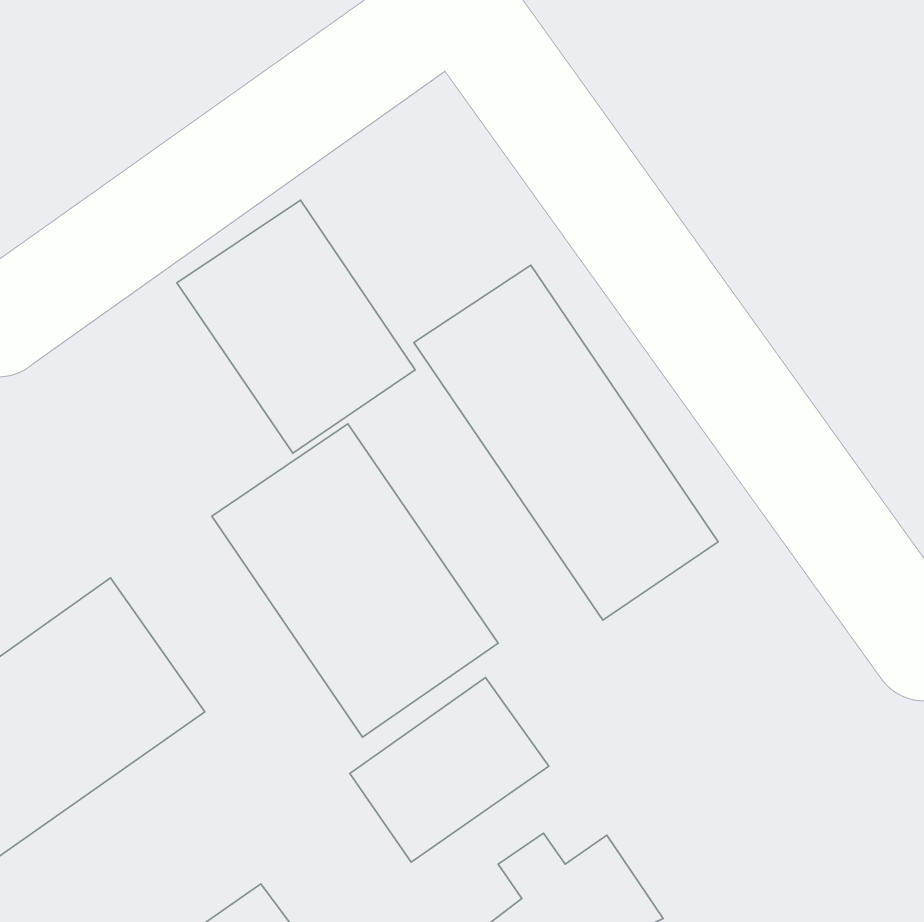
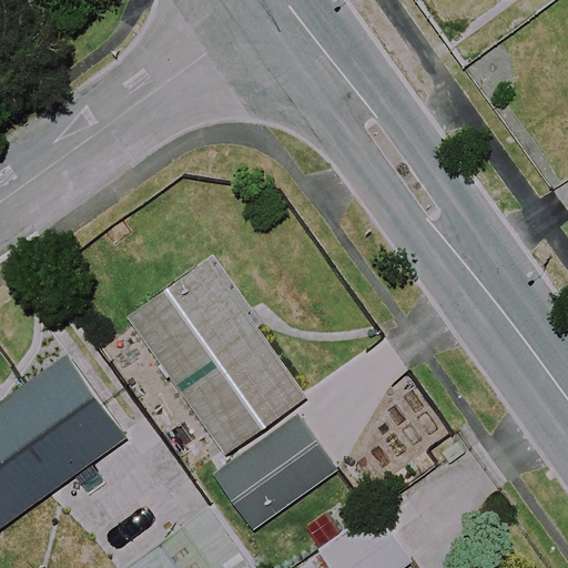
building: [177,200,415,453] -> none
building: [414,265,718,620] -> none

